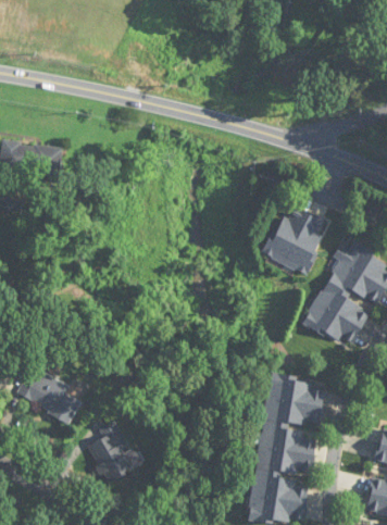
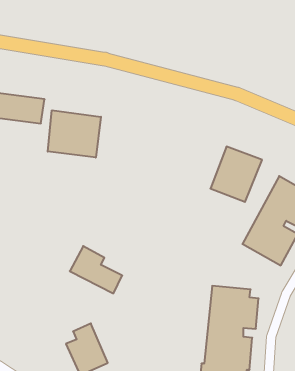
building: none -> [48,110,101,158]
building: [16,366,80,424] -> [70,246,122,293]

